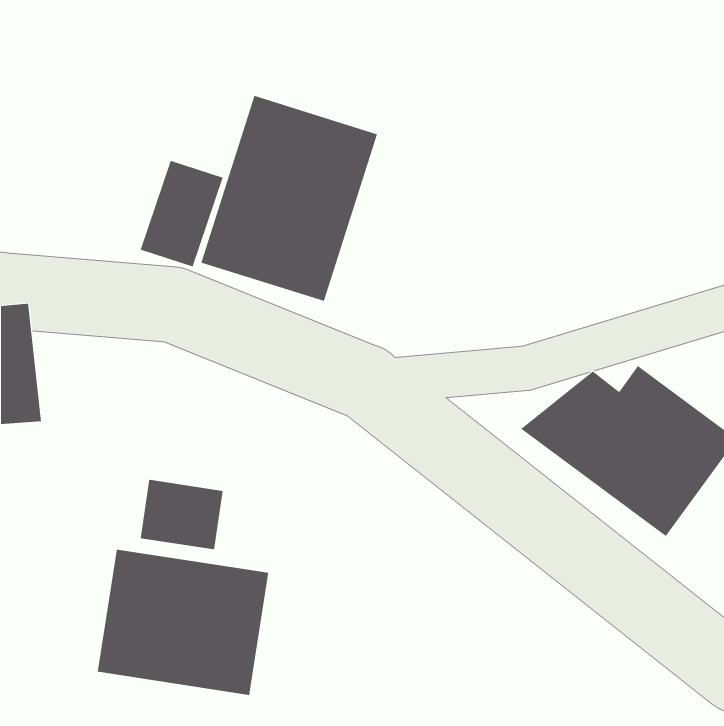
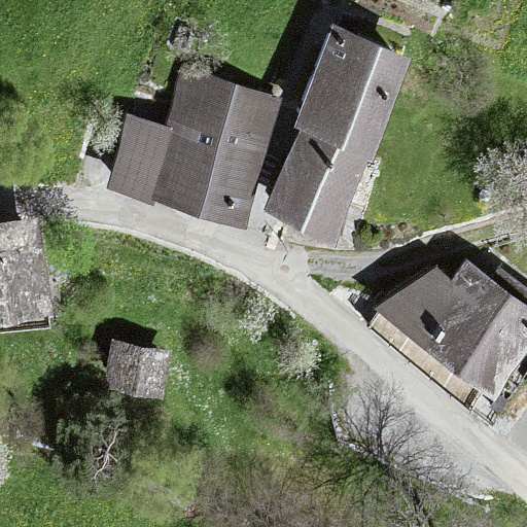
building: none -> [267,32,407,239]
building: [97,549,269,696] -> none

